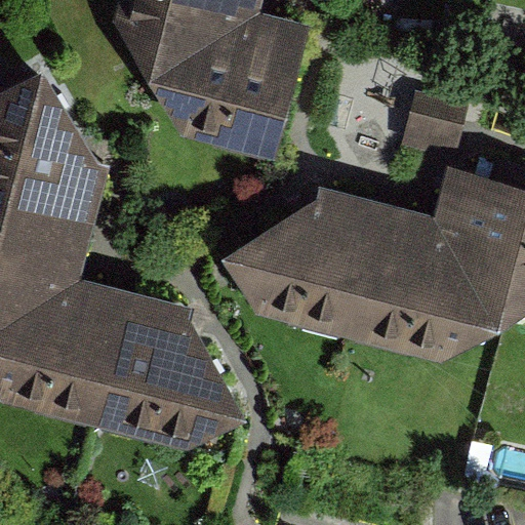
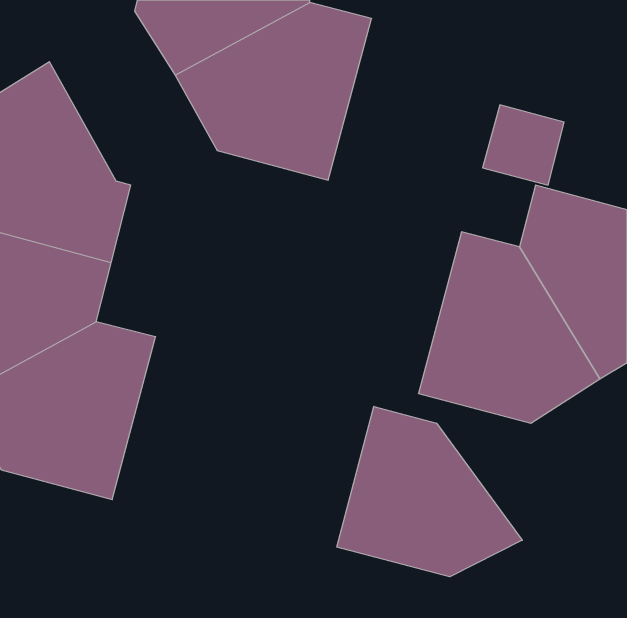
building: [221,186,383,337] -> none
building: [93,290,245,450] -> none
building: none -> [337,406,522,577]

